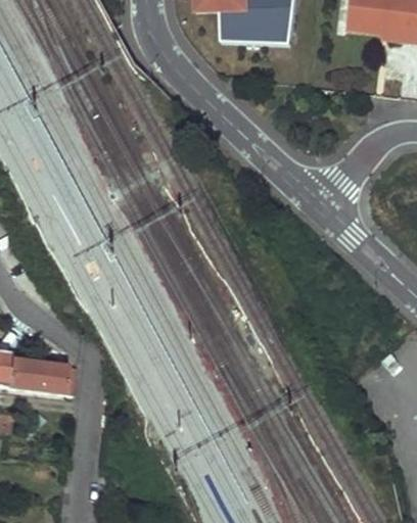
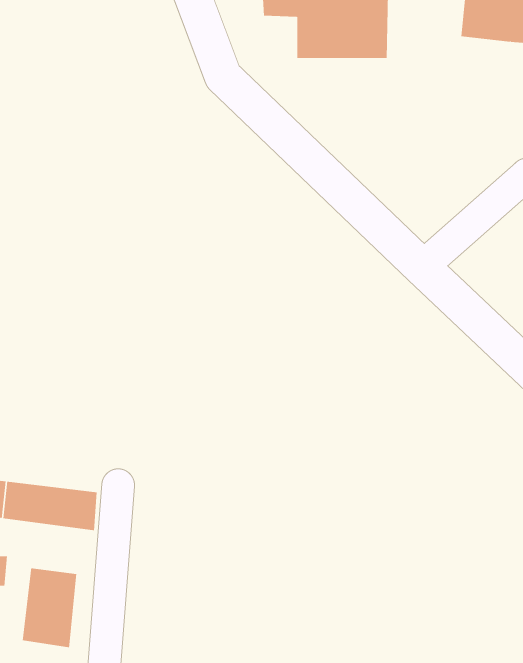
building: none -> [22,568,77,648]

